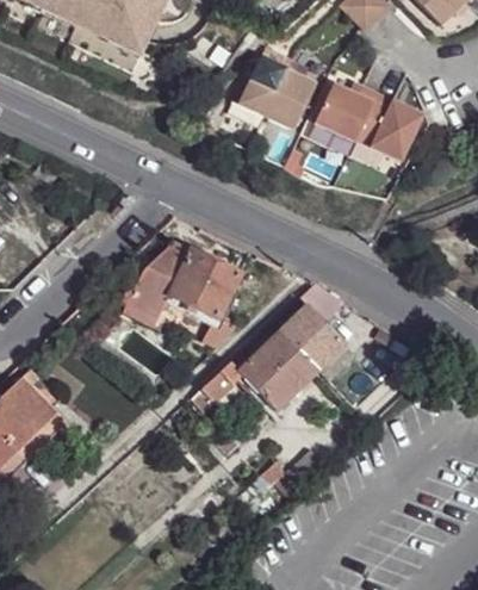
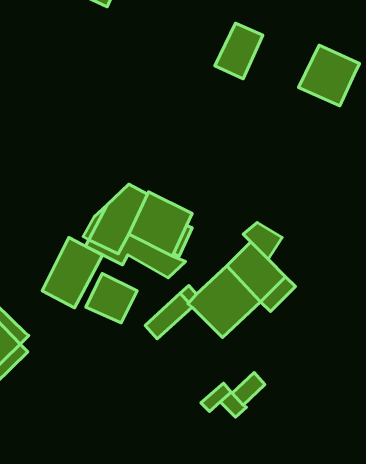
building: [234,55,287,113] -> none
building: [315,79,379,141] -> none
building: none -> [42,237,102,308]
building: none -> [86,273,137,323]

